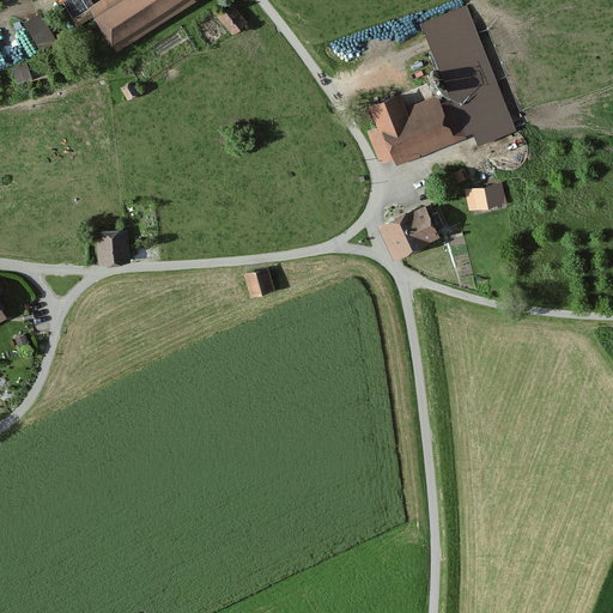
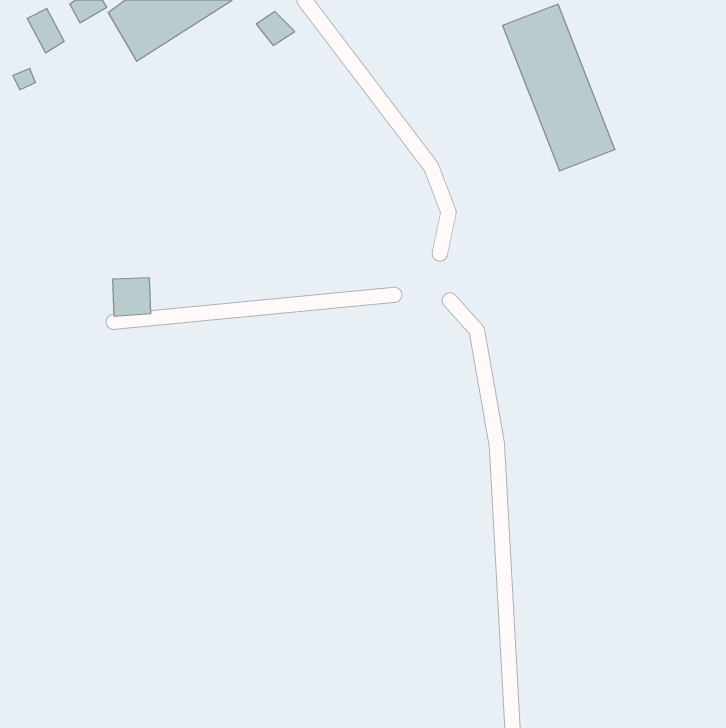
building: [369,92,457,163] -> none
building: [465,183,504,212] -> none
building: [378,207,438,259] -> none
building: [243,268,273,298] -> none

